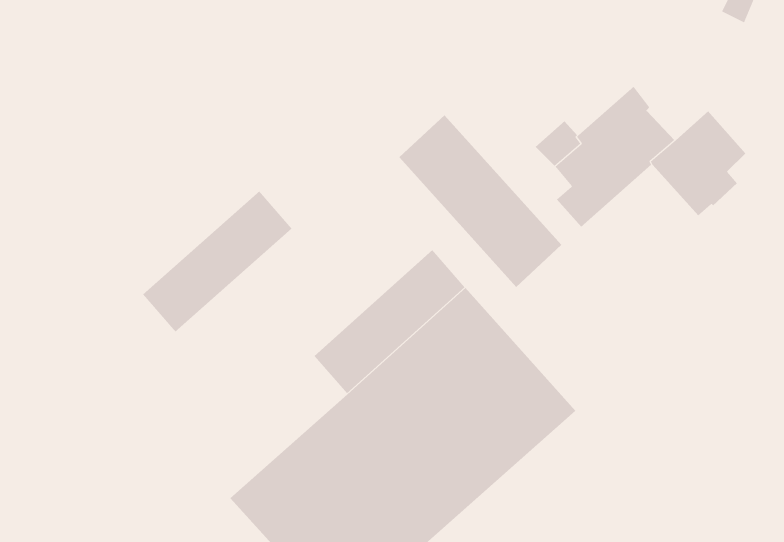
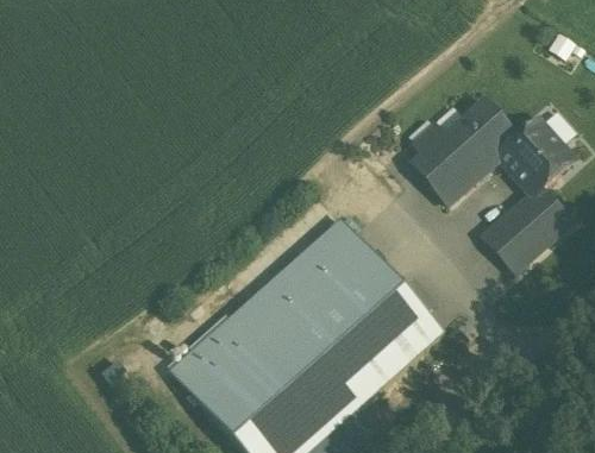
building: [398,114,562,288] -> none
building: [142,191,292,332] -> [170,294,278,396]
building: none -> [483,184,571,270]

